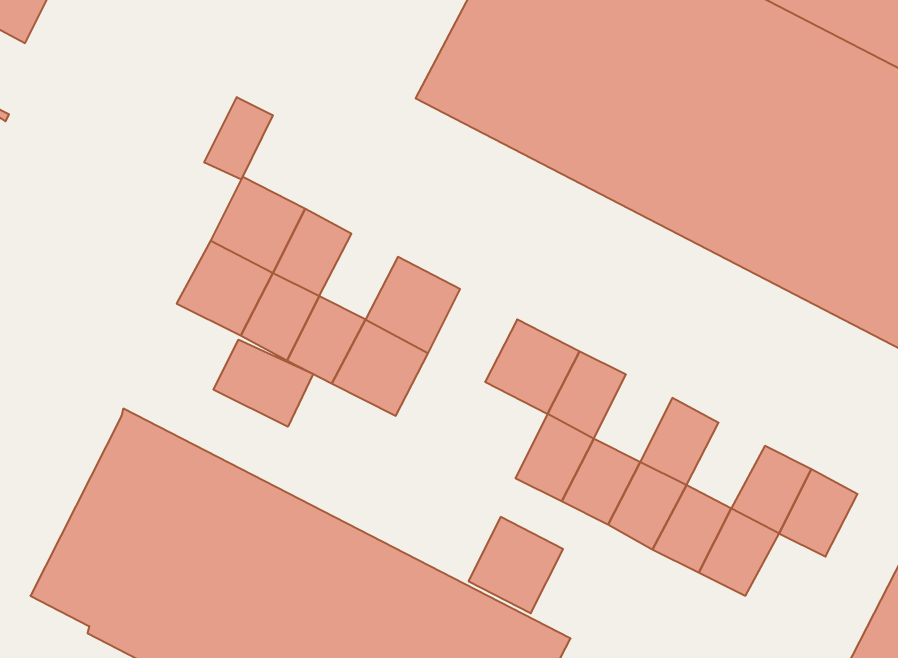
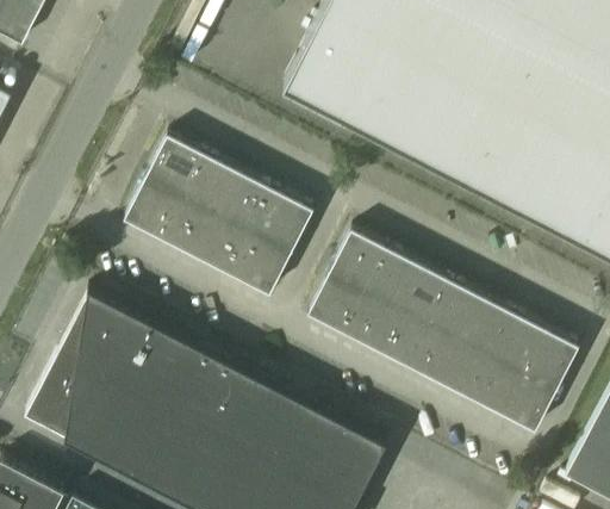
building: [204,97,273,179] -> none
building: none -> [219,174,272,231]
building: [214,340,313,427] -> none
building: none -> [403,268,455,327]
building: none -> [465,300,517,358]
building: [469,517,563,613] -> [309,273,372,337]
building: none -> [504,374,558,433]

